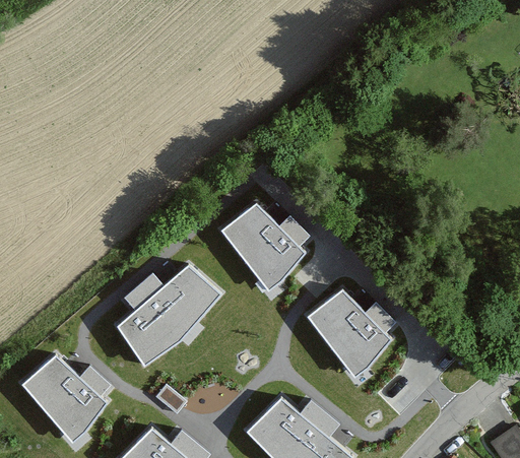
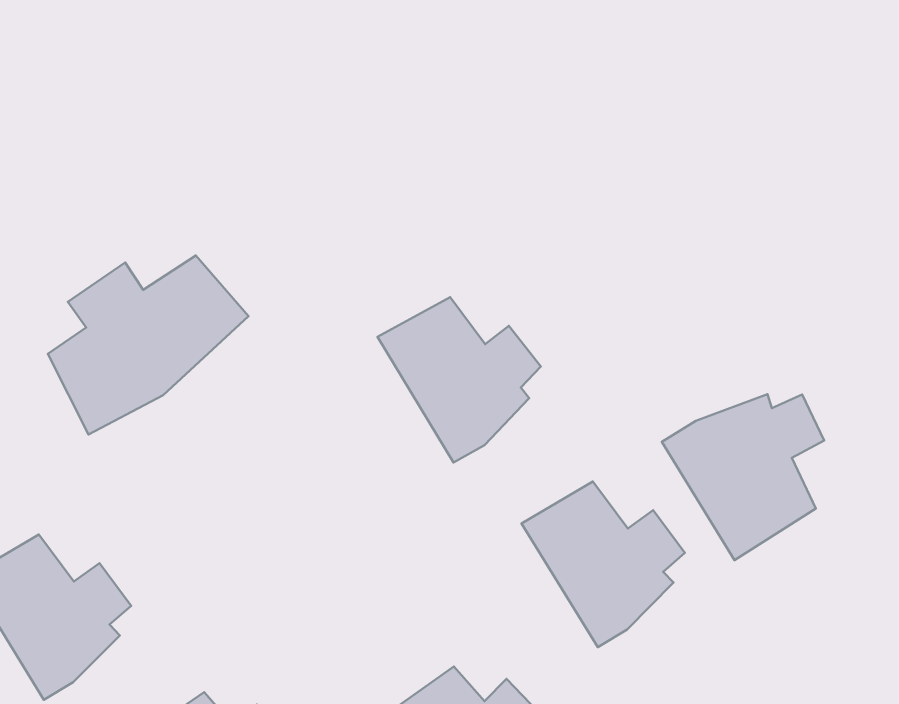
building: none -> [662,394,824,560]
building: [117,266,219,367] -> [48,255,249,435]

